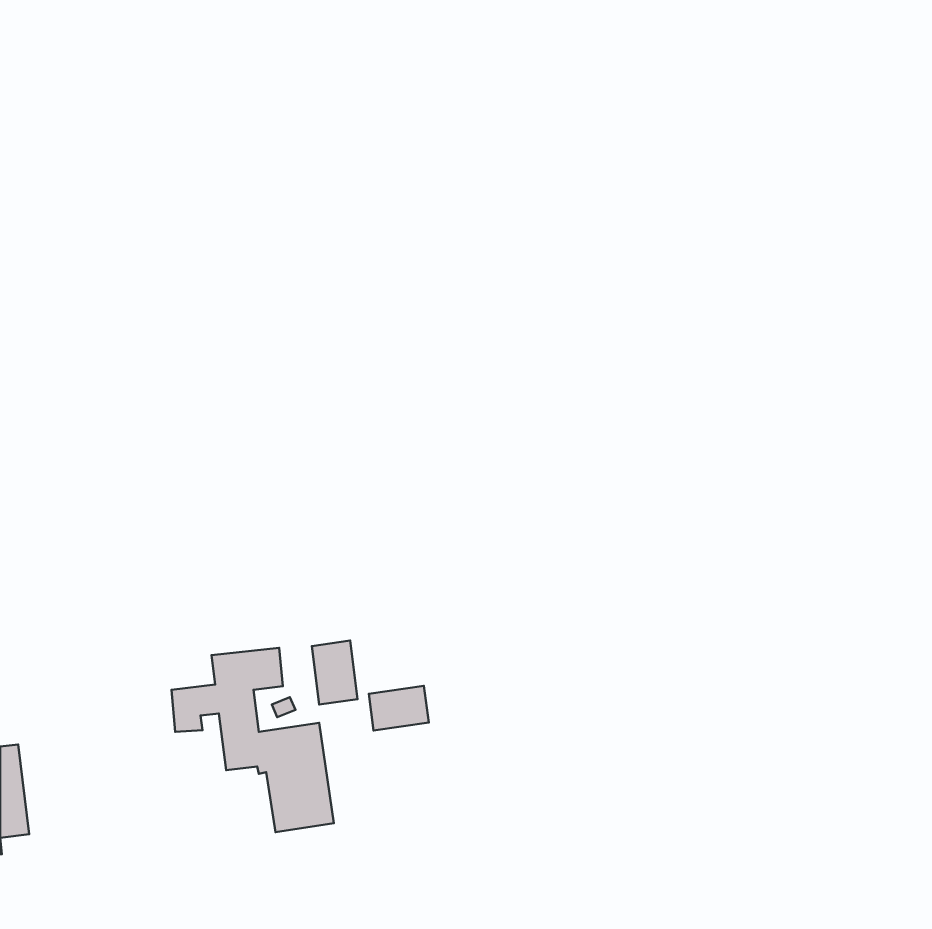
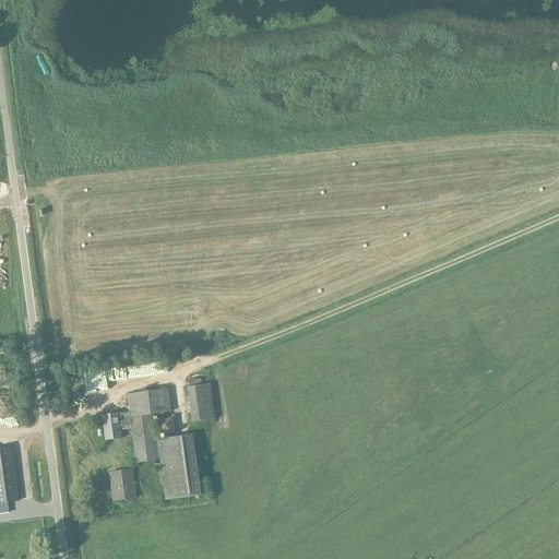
building: [369,686,429,730] -> none
building: none -> [110,468,135,498]

